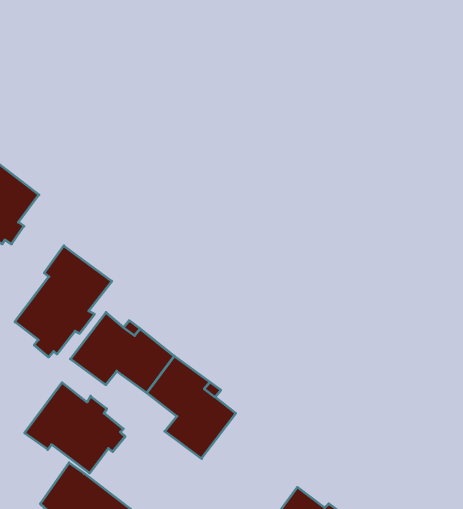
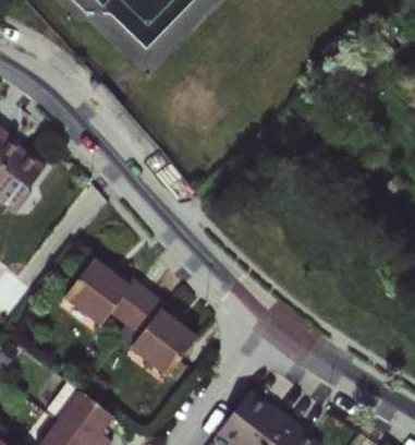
building: [15,246,112,357] -> none
building: [25,383,125,473] -> none

